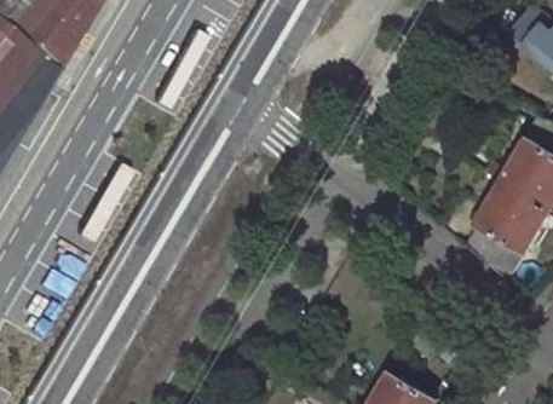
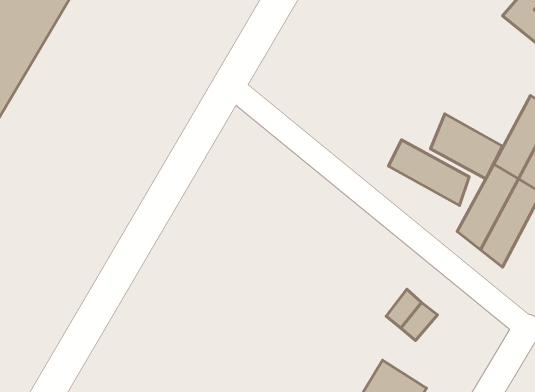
building: none -> [430,114,503,179]
building: none -> [389,140,469,206]

